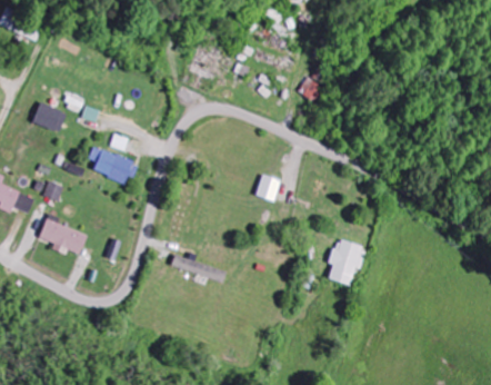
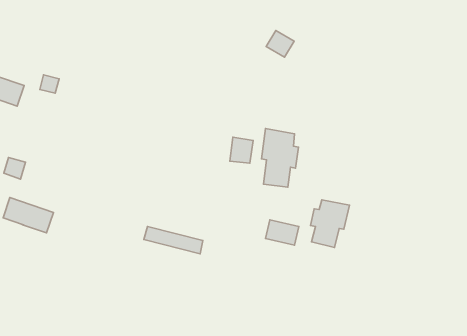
building: [89,146,136,184] -> none
building: none -> [261,129,298,187]
building: none -> [266,220,299,245]

